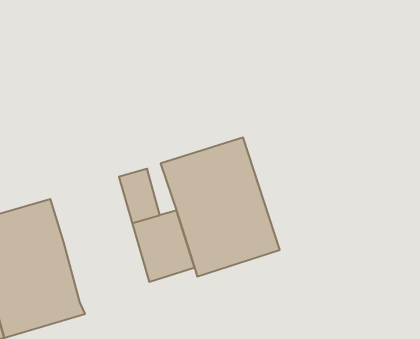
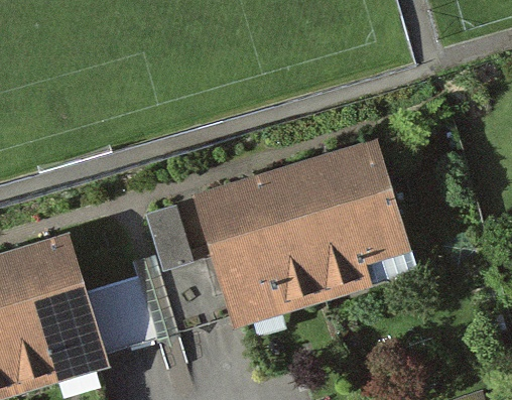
building: none -> [285,138,417,295]
building: none -> [82,271,160,355]

